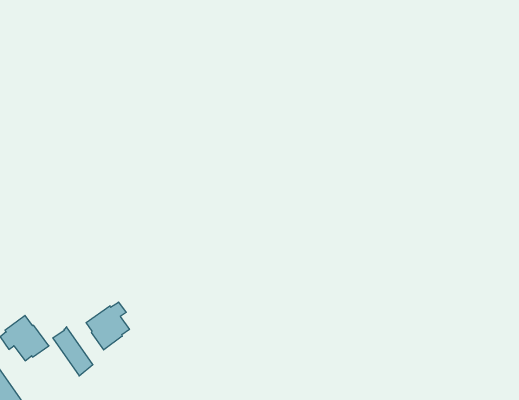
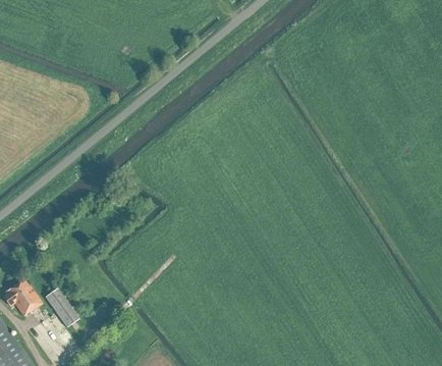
building: [86,302,129,350] -> none

